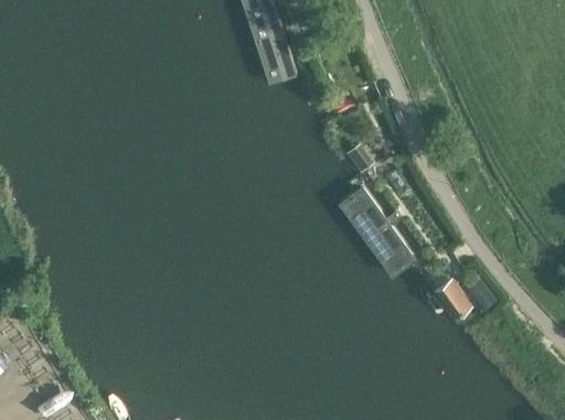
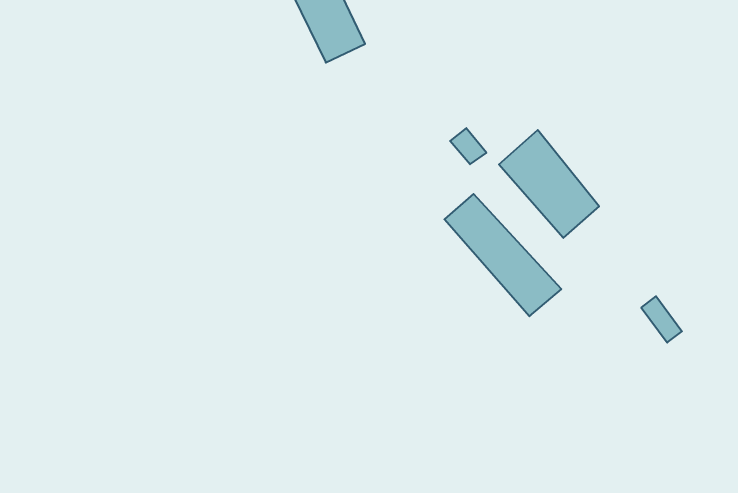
building: none -> [499,130,599,238]
building: [436,277,470,314] -> none

